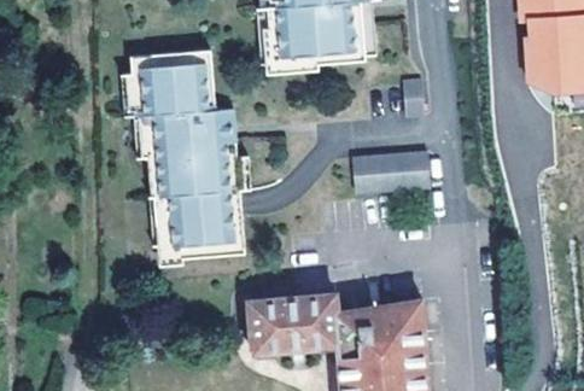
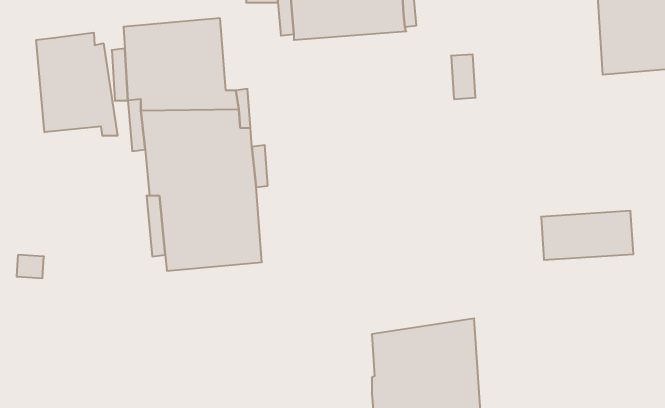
building: none -> [36,33,118,136]
building: [351,151,428,192] -> [541,211,633,260]
building: [247,294,338,356] -> none

